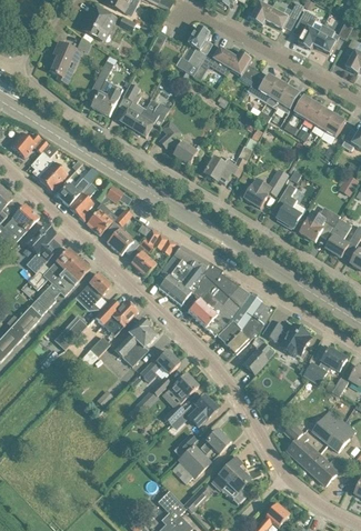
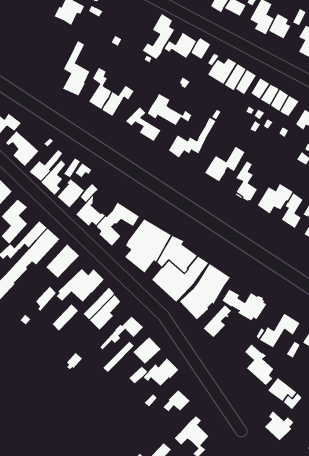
building: [51,36,91,83] -> none
building: none -> [147,93,192,126]
building: [284,423,317,469] -> [244,343,274,386]
building: [170,444,210,483] -> none

